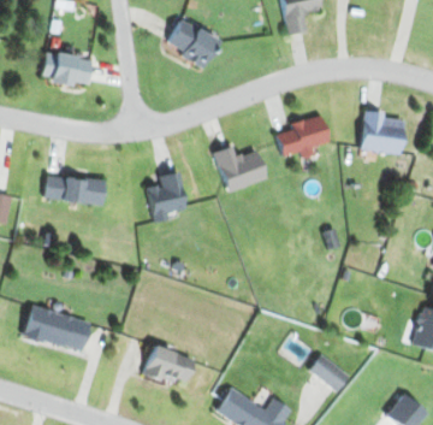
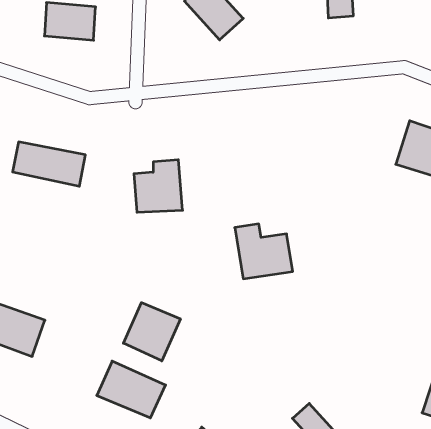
building: [272,116,330,157] -> none
building: [214,146,267,193] -> [235,224,293,279]
building: none -> [123,303,180,361]

